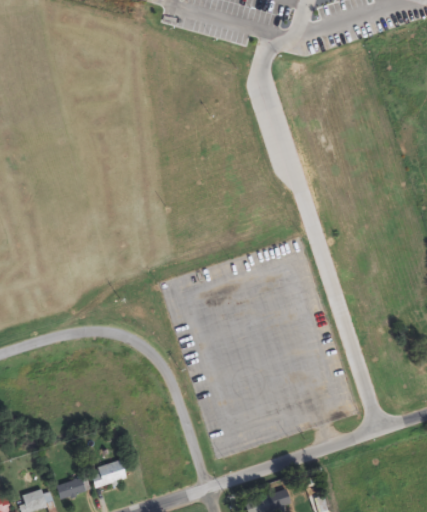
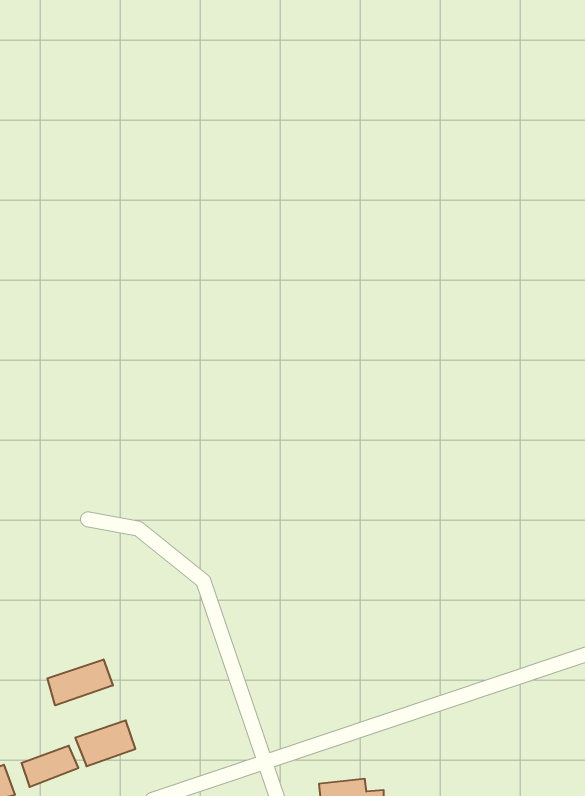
building: none -> [47,659,113,705]

